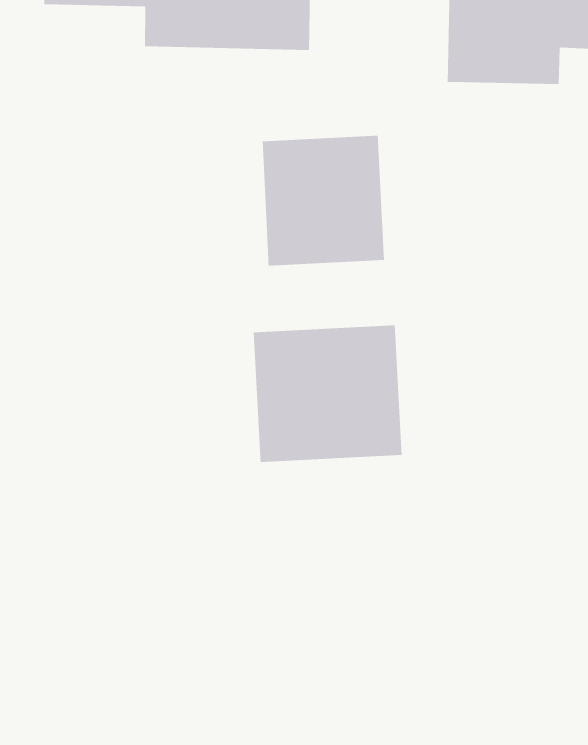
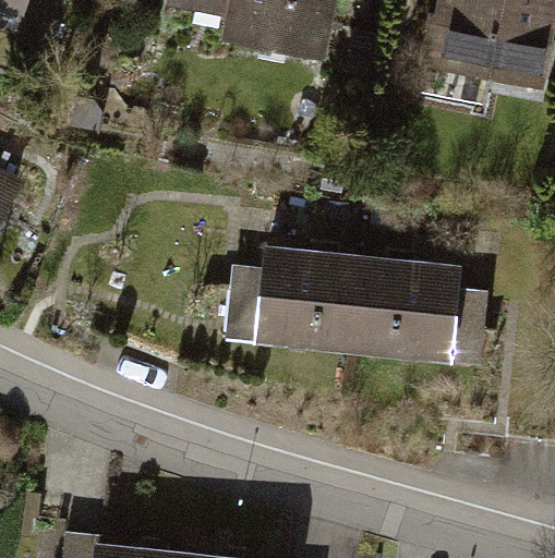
building: [262,135,385,266] -> none
building: none -> [348,255,451,352]

